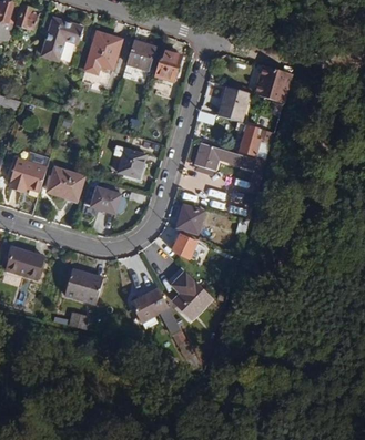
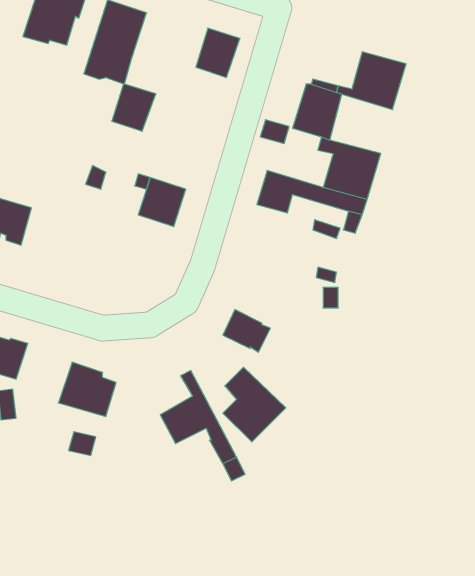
building: [125,40,154,71] -> [112,84,156,131]
building: [45,167,83,202] -> none
building: [90,186,120,214] -> none
building: [176,205,202,233] -> none

